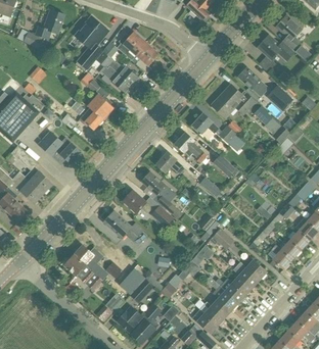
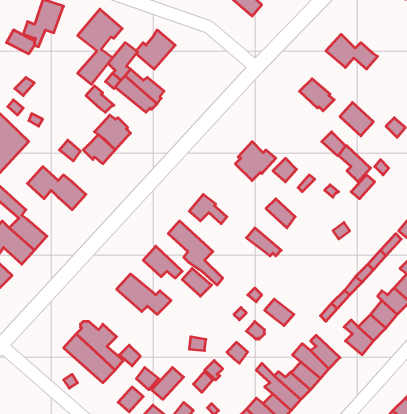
building: [277,15,302,49] -> none
building: [132,43,159,73] -> none
building: [212,84,254,117] -> none
building: [176,133,208,162] -> none

